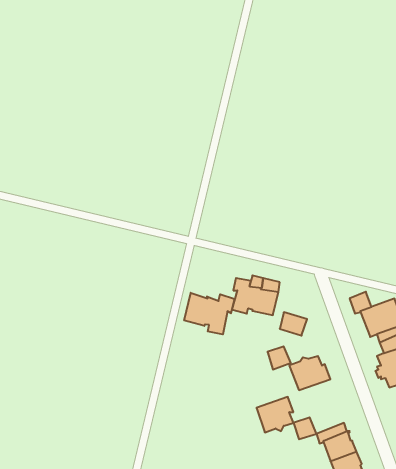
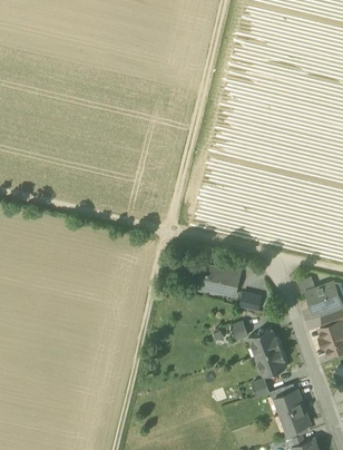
building: [184,293,235,334] -> none
building: [256,397,293,432] -> [256,349,286,378]

